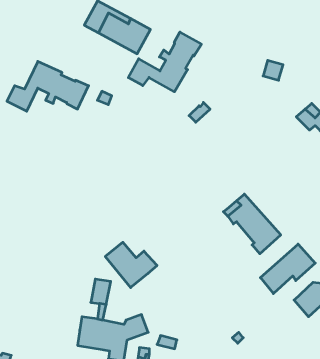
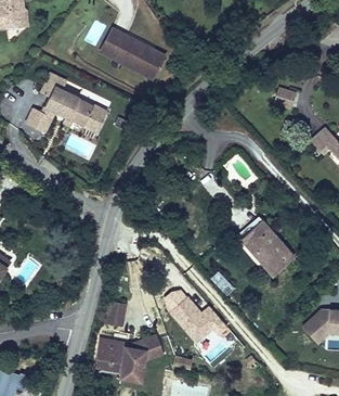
building: [128,32,201,92] -> none
building: [105,242,157,288] -> [172,296,223,341]
building: [260,244,315,294] -> none

